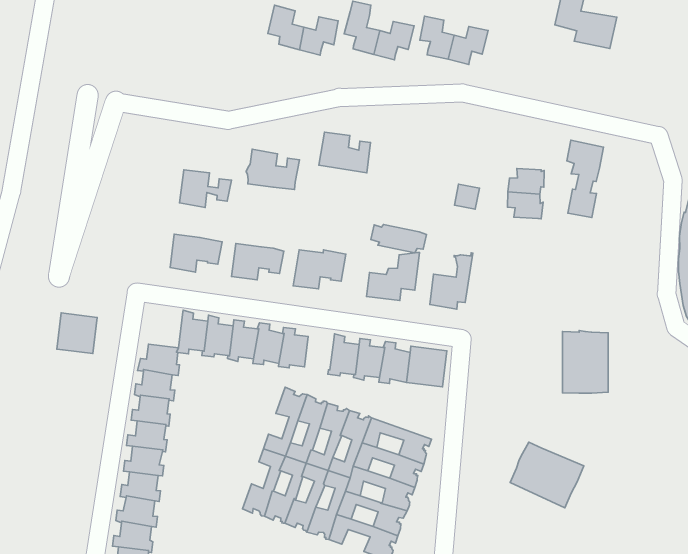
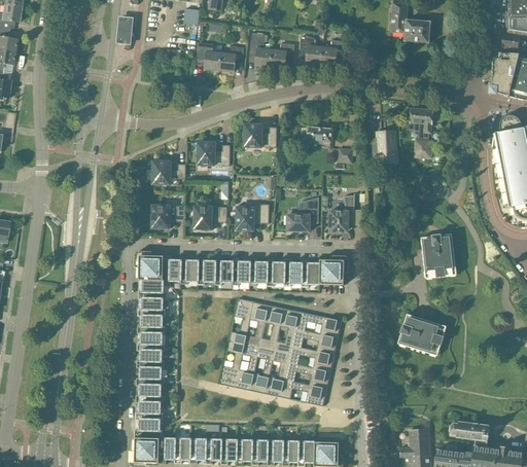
building: [371,224,426,253] -> [301,125,338,142]
building: [57,313,97,354] -> [139,255,164,280]
building: none -> [249,257,268,285]

